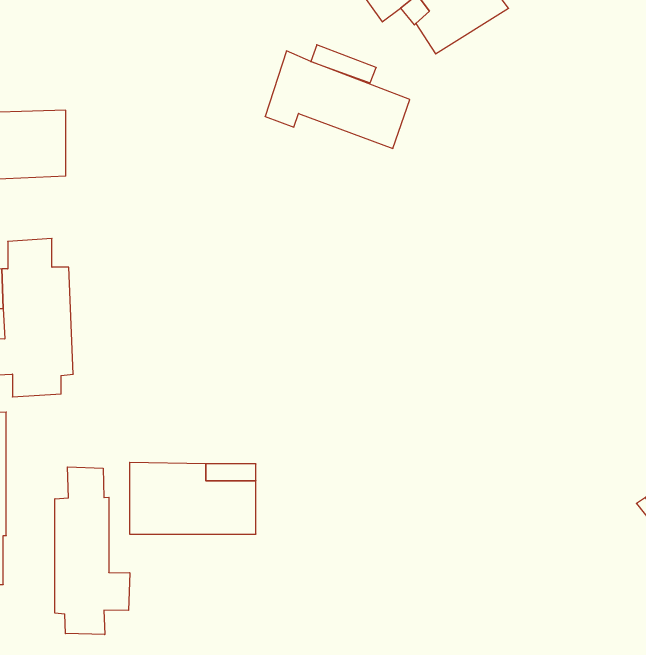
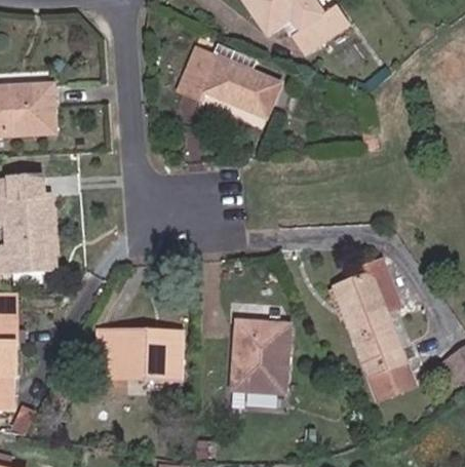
building: none -> [335,258,413,393]
building: none -> [232,321,287,392]
building: [55,467,130,635] -> none

